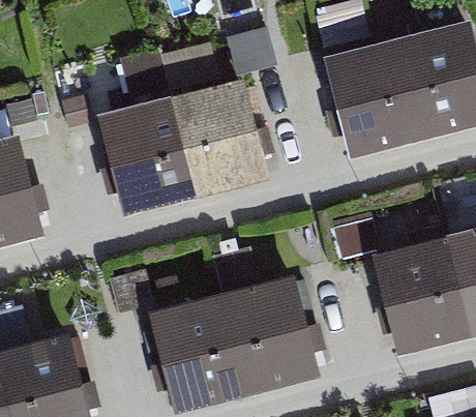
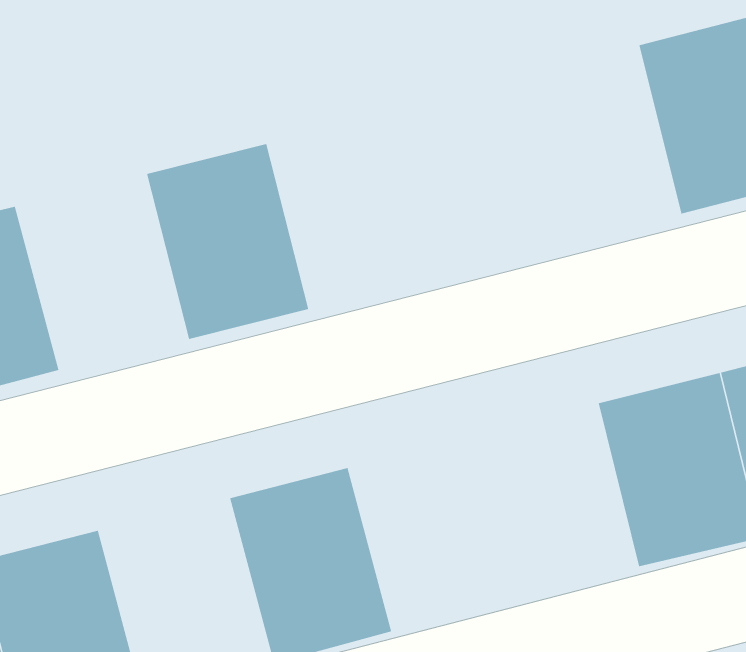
building: [325,36,423,158] -> none
building: [171,78,270,198] -> none
building: [220,274,320,394] -> none

